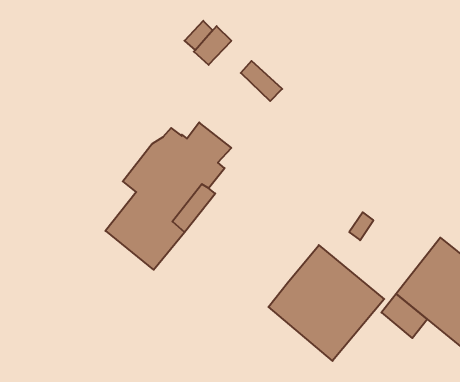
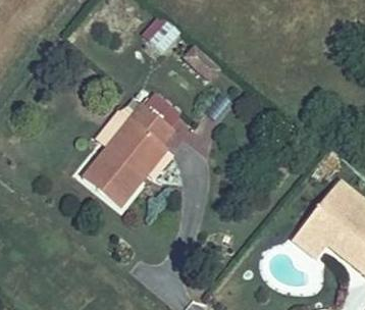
building: [268,245,384,361] -> none

